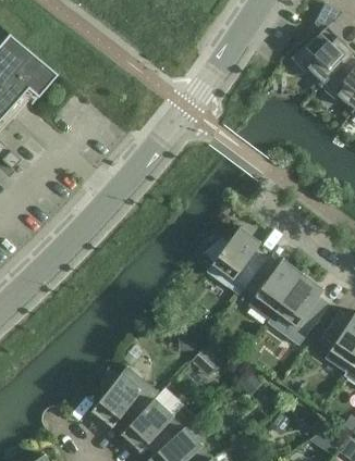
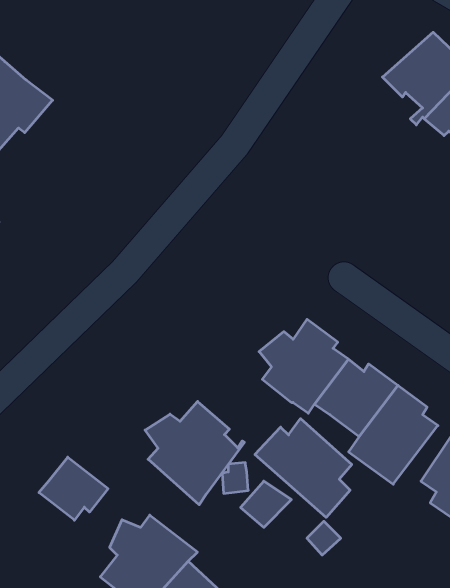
building: none -> [145,401,244,505]
building: none -> [255,419,352,517]
building: none -> [39,457,108,520]

